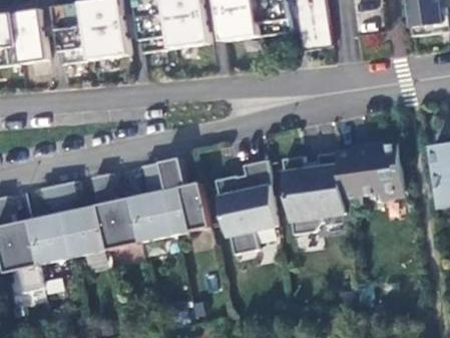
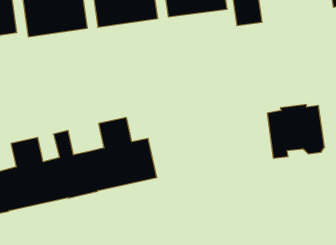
building: [282,152,345,235] -> none
building: [214,160,276,255] -> none

